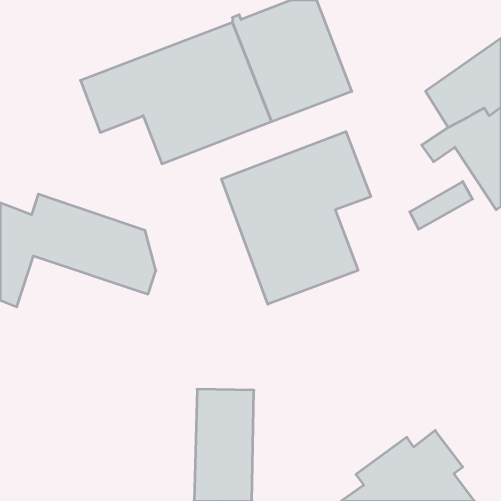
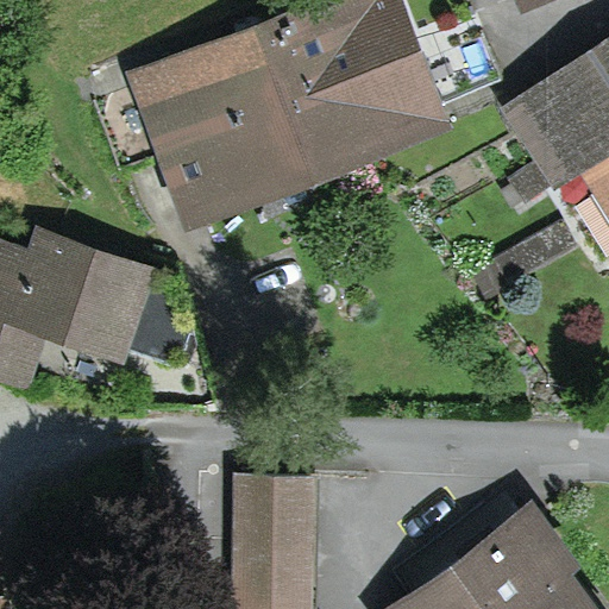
building: [221,132,371,304] -> none

